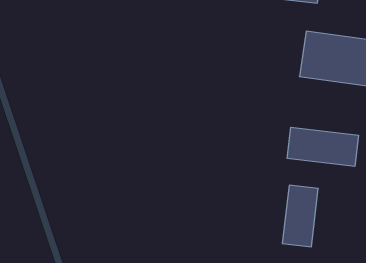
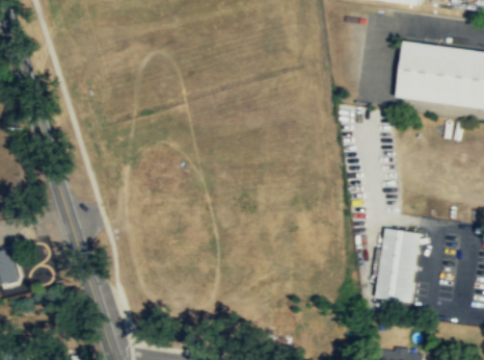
building: [287,127,358,166] -> none

